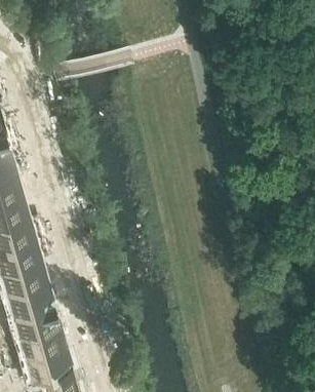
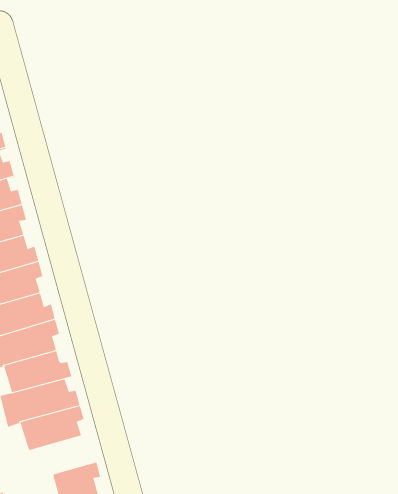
building: [14,342,75,379] -> none

